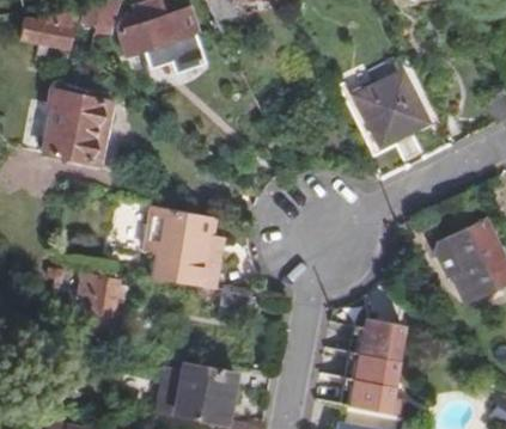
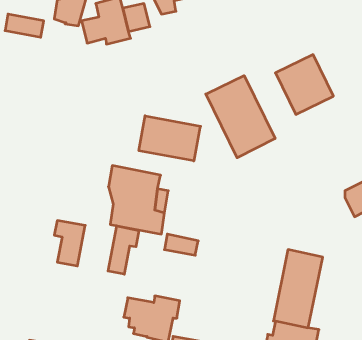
building: [33,91,109,166] -> none
building: none -> [206,76,275,158]
building: none -> [139,116,201,161]
building: none -> [108,226,139,274]

